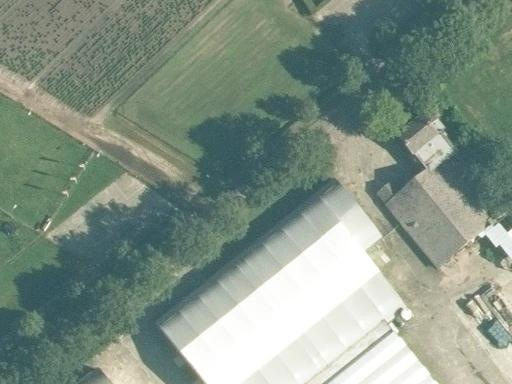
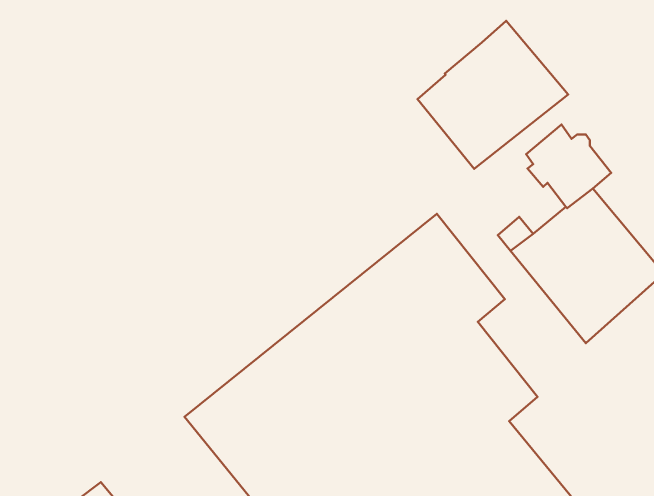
building: none -> [418,21,568,169]

